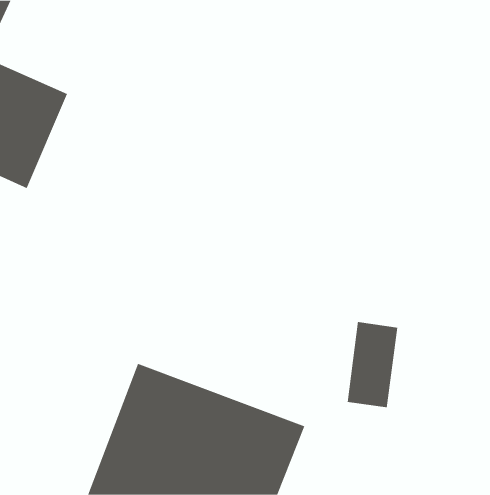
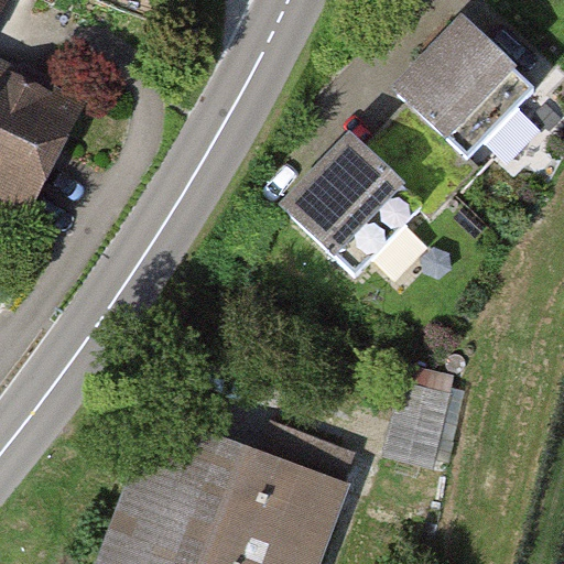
building: none -> [398,19,534,155]
building: none -> [280,130,421,271]

